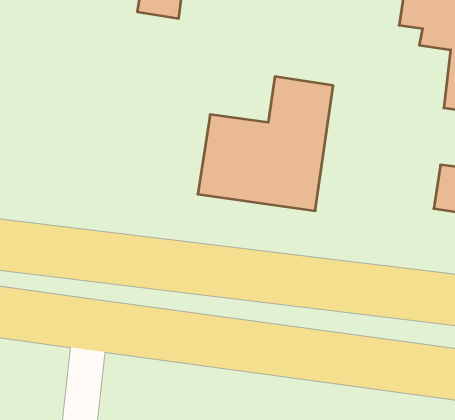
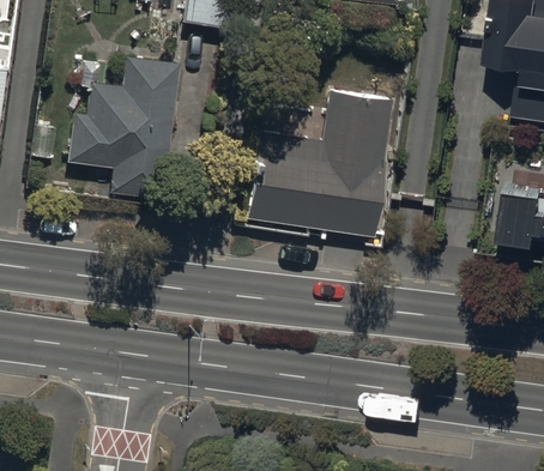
building: none -> [67,60,179,200]

